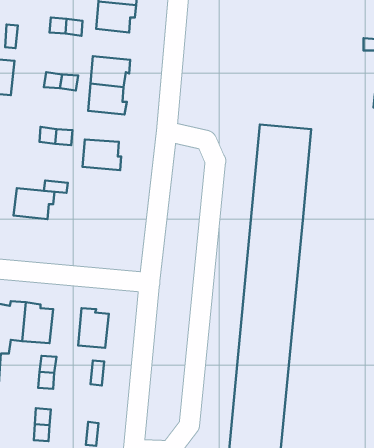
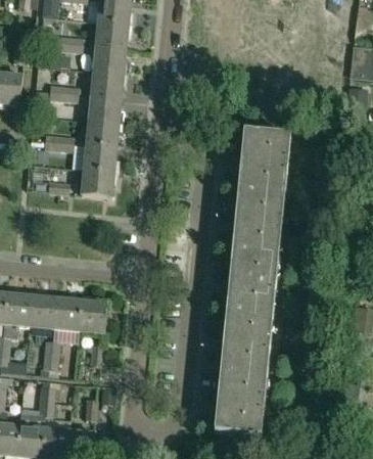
building: none -> [93,46,128,74]
building: none -> [86,120,122,147]
building: [13,188,54,219] -> [81,170,118,197]
building: none -> [54,295,83,330]

